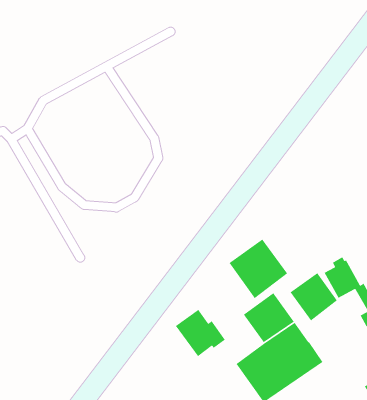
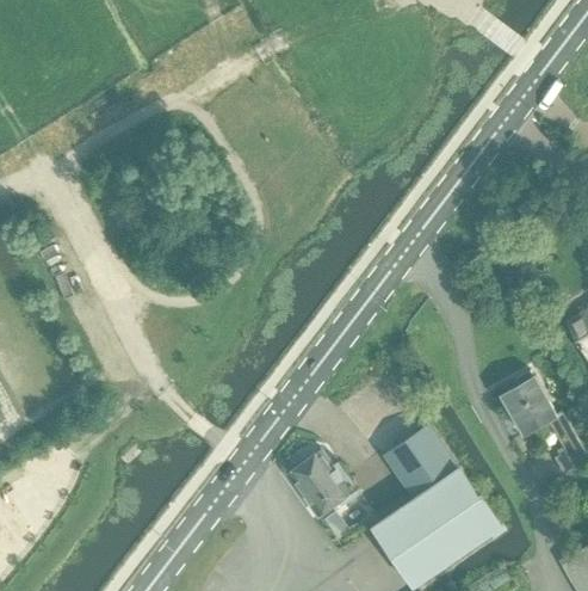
building: [228,238,288,299] -> none
building: [290,272,338,321] -> none

